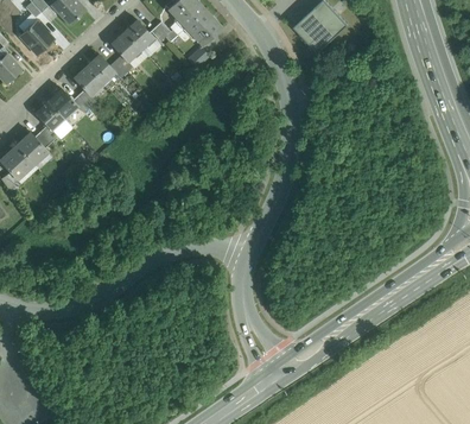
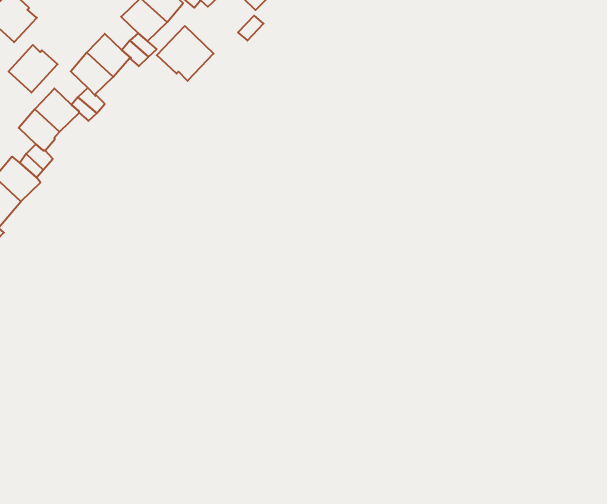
building: none -> [157,26,214,81]
building: none -> [9,45,58,93]

